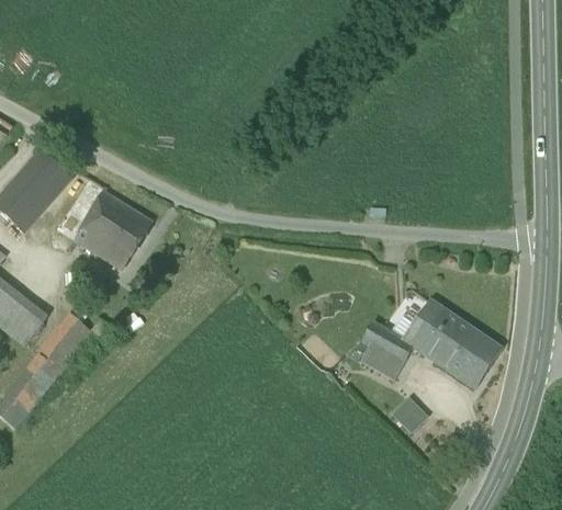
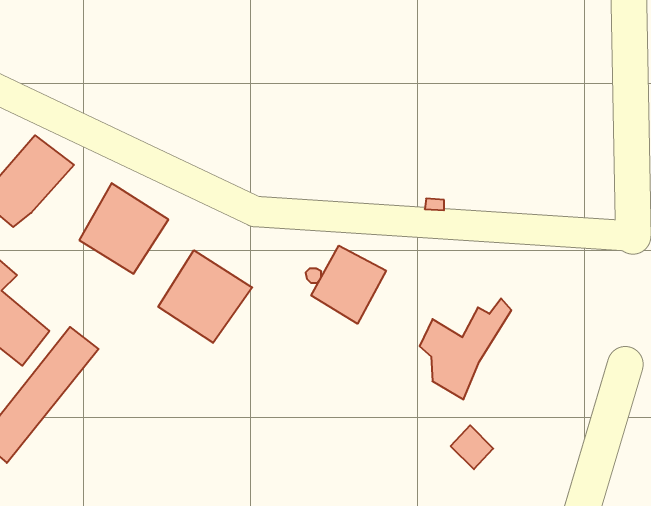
building: none -> [311,246,386,324]
building: none -> [158,250,252,343]
building: [413,302,506,385] -> none

